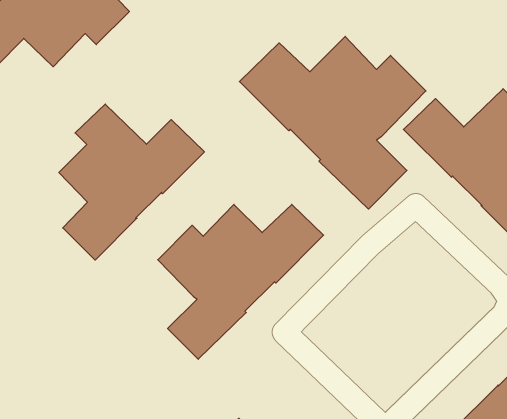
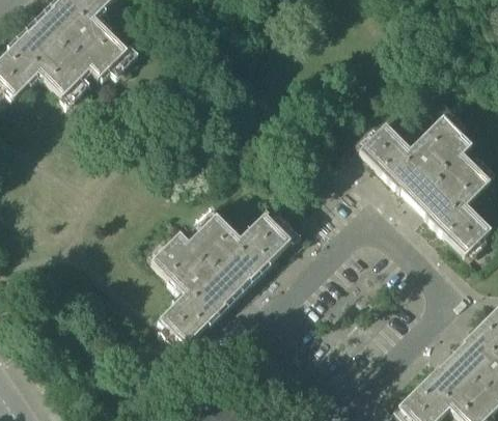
building: [239,36,426,209] -> none
building: [59,104,204,260] -> none

